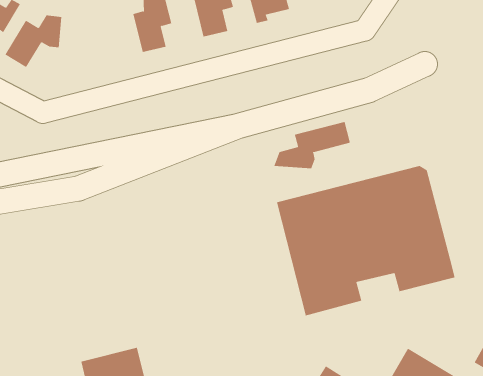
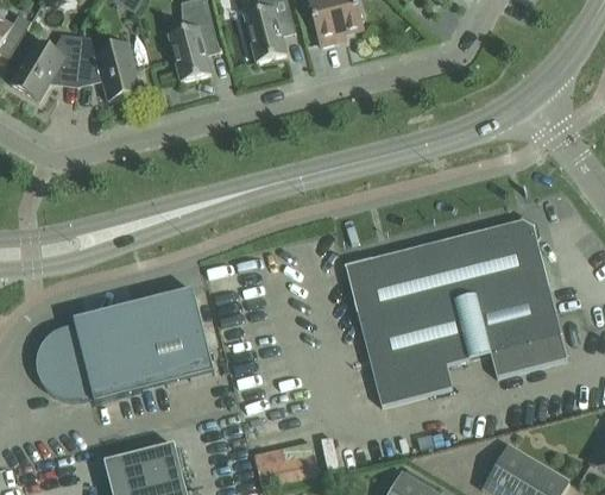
building: none -> [77,36,138,99]
building: [274,121,351,169] -> none
building: none -> [34,288,213,401]

